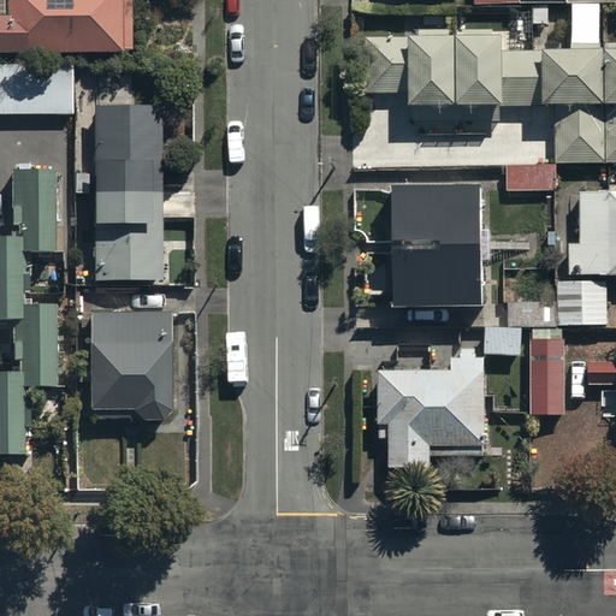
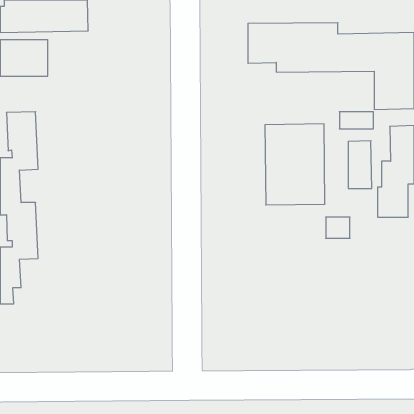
building: [76,100,159,277] -> none
building: [88,304,167,419] -> none
building: [533,340,568,411] -> [348,141,372,188]
building: [381,372,484,461] -> none

